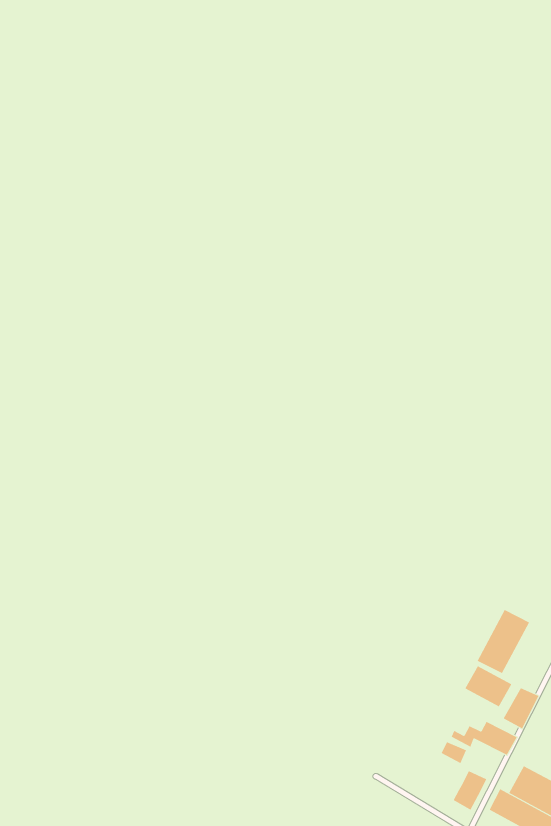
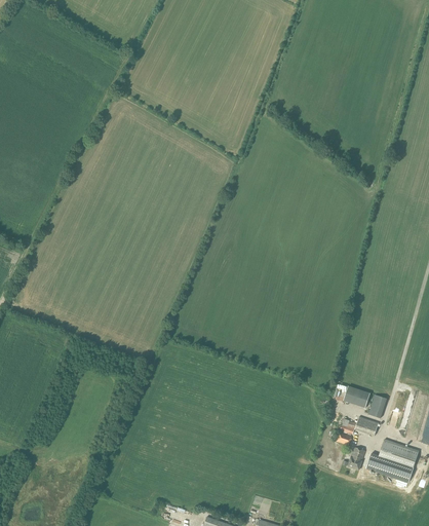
building: [477,609,530,674] -> none

